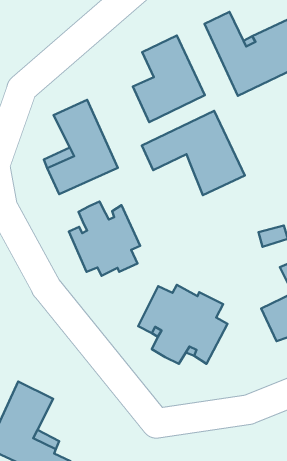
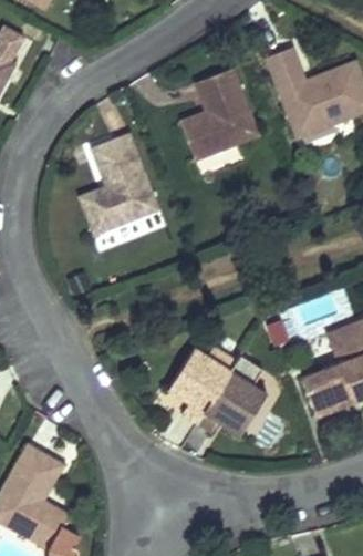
building: [142,111,245,195] -> none
building: [69,201,140,276] -> none

